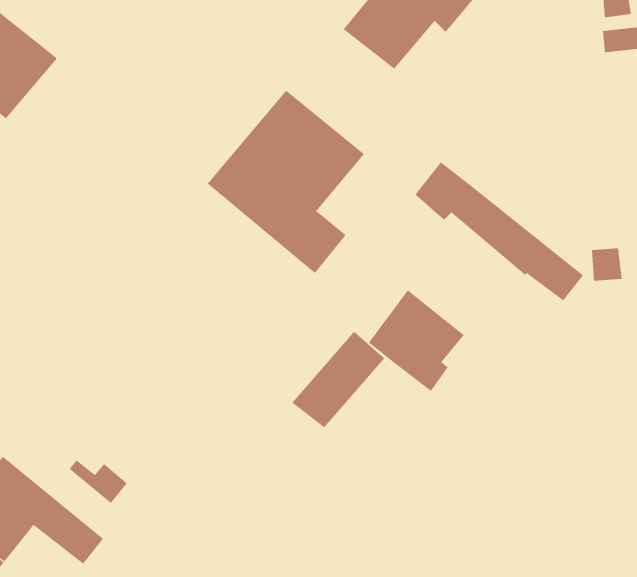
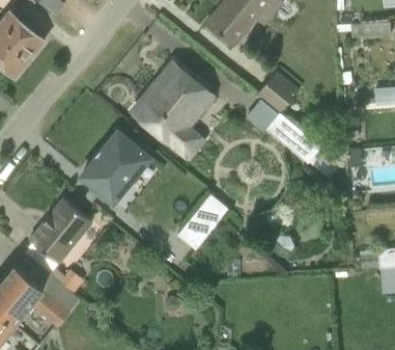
building: none -> [257,71,299,113]
building: none -> [78,126,154,206]
building: [368,290,464,392] -> none
building: none -> [29,197,92,264]

